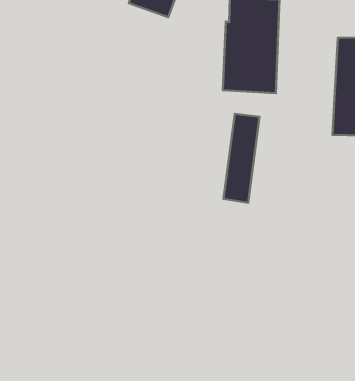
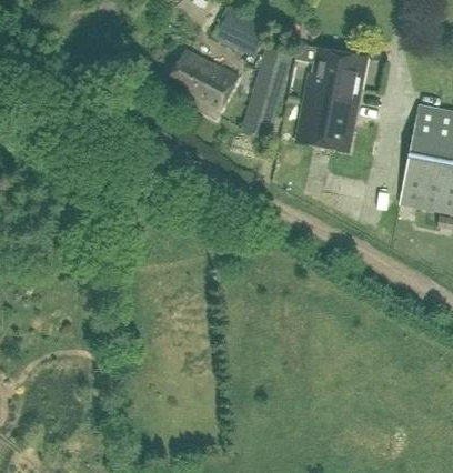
building: none -> [168,50,238,117]
building: [224,114,259,203] -> [241,48,290,140]

